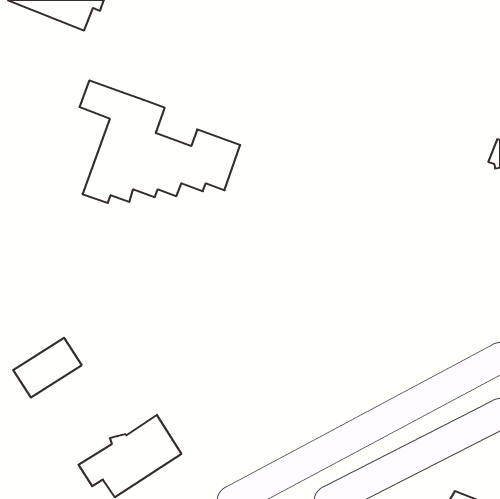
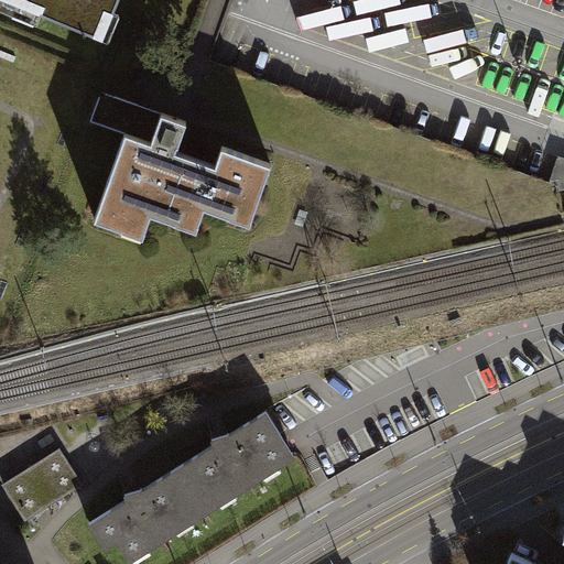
building: [13,338,82,397] -> [4,454,82,521]
building: none -> [176,413,293,512]

